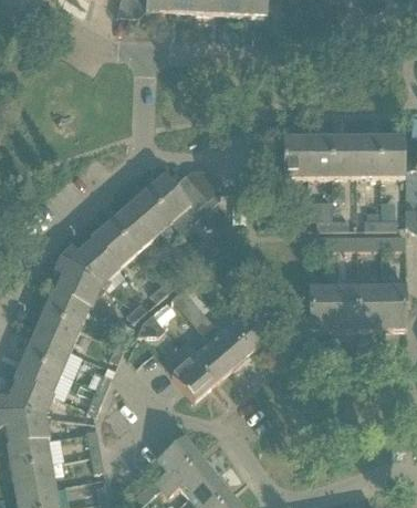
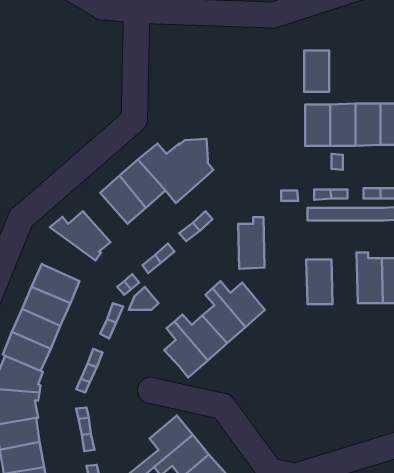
building: [283,136,307,176] -> [304,51,329,92]
building: [91,221,136,269] -> none
building: [55,255,105,307] -> none
building: [333,279,358,329] -> [238,217,264,269]

